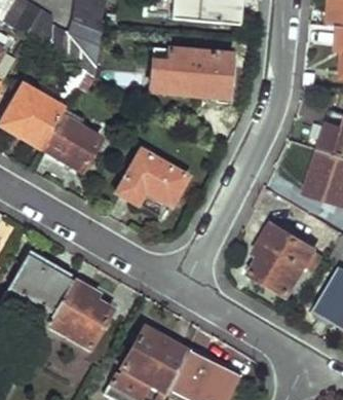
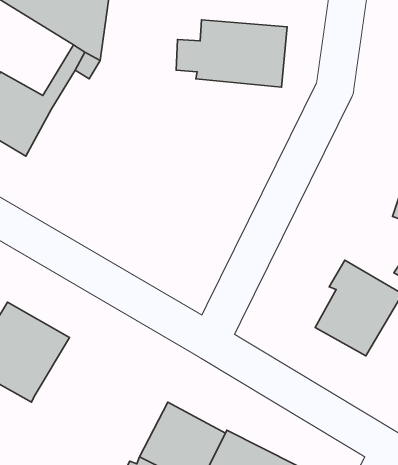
building: [39,113,99,170] -> none
building: [115,151,185,207] -> none
building: [45,280,108,348] -> none

